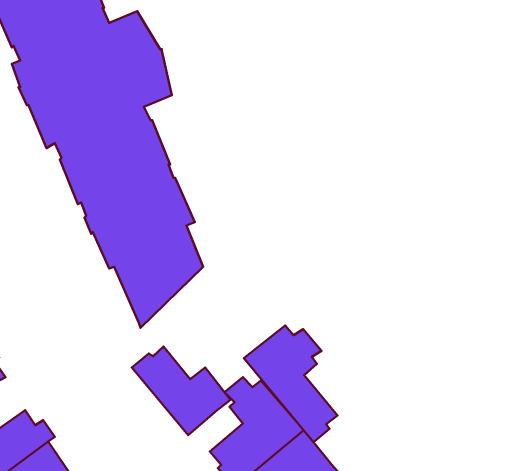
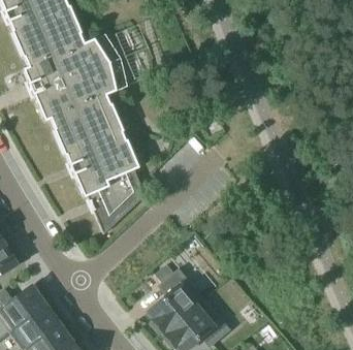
building: [244,326,337,442] -> none
building: [132,346,231,435] -> none

